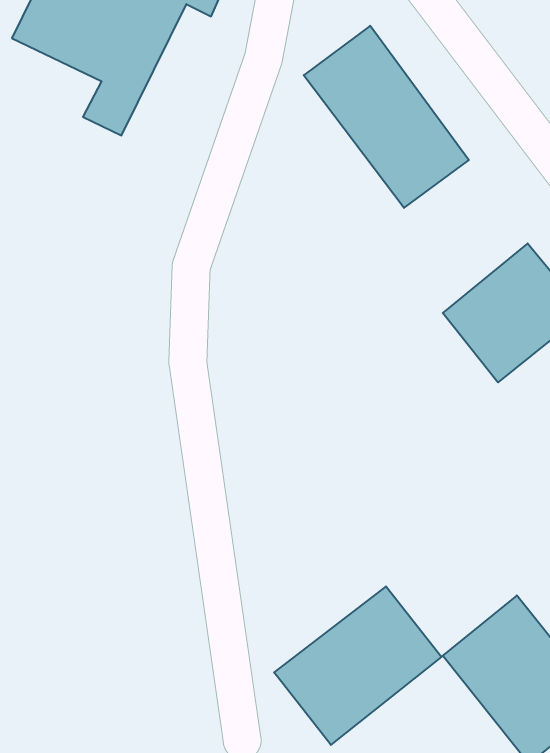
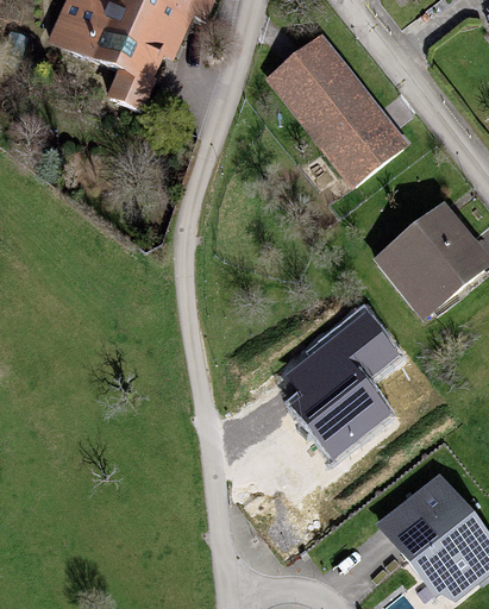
building: none -> [276,308,401,454]
building: [274,586,442,745] -> none

